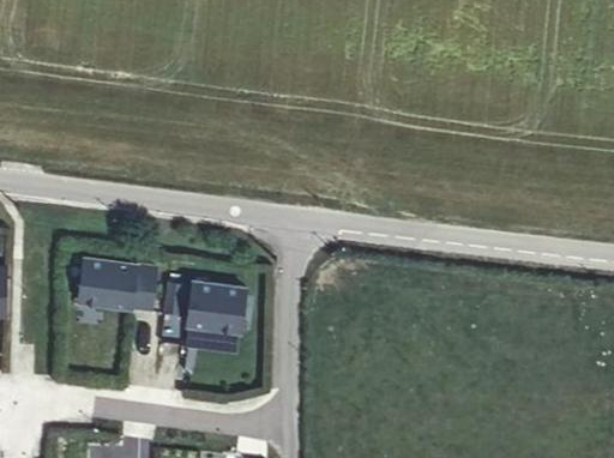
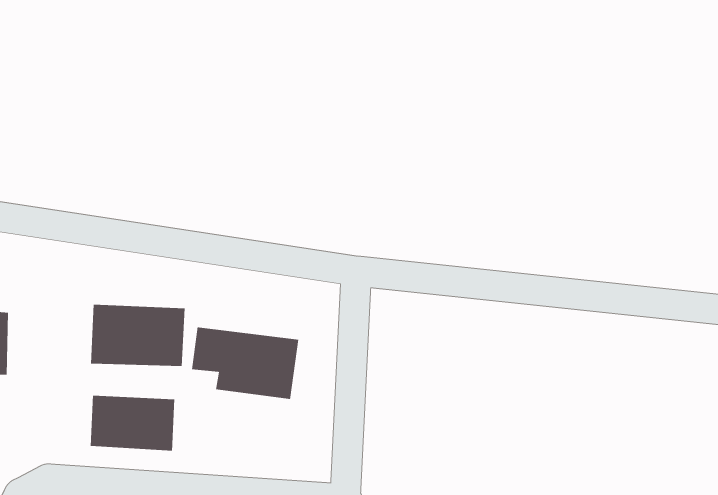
building: none -> [90,395,175,451]

